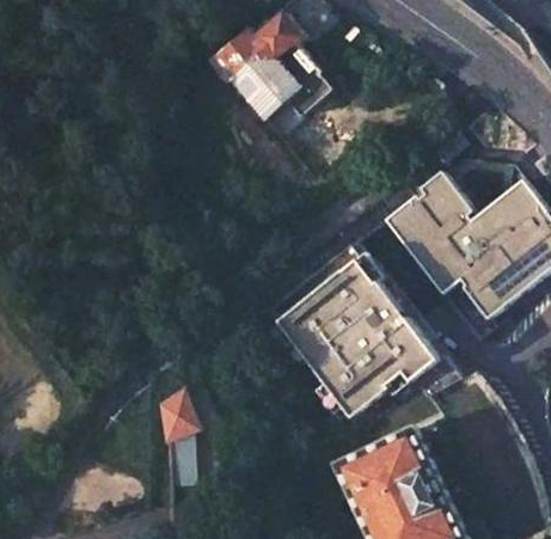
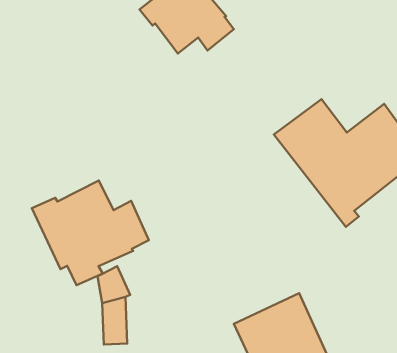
building: [265,245,439,419] -> none
building: none -> [32,180,149,285]

